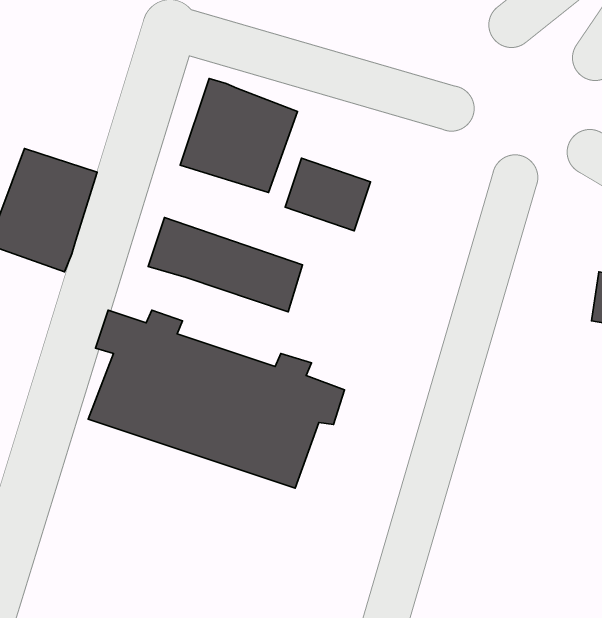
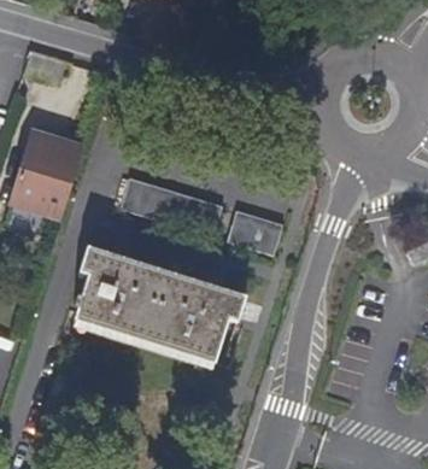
building: [180,79,298,193] -> none
building: [285,158,371,231] -> [223,216,280,264]

